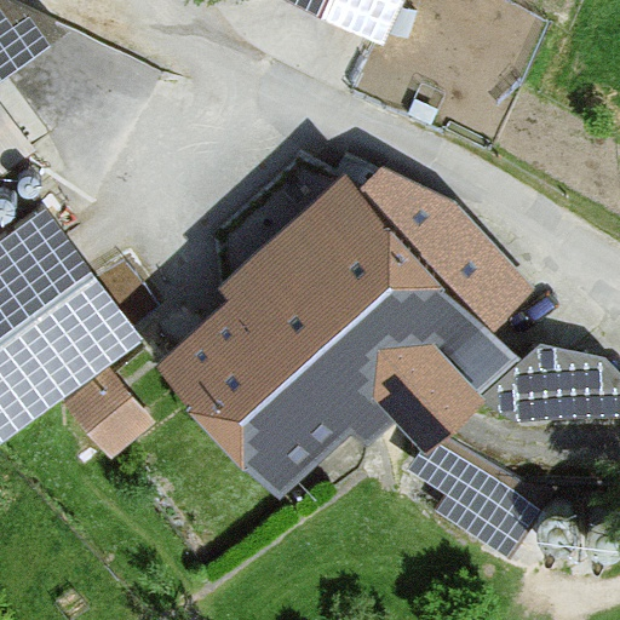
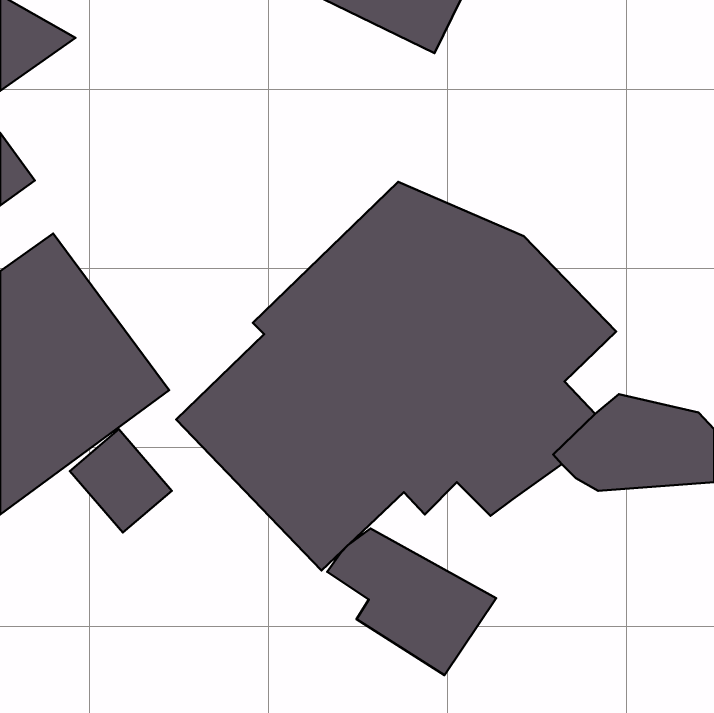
building: [407,432,553,559] -> [327,528,496,675]

